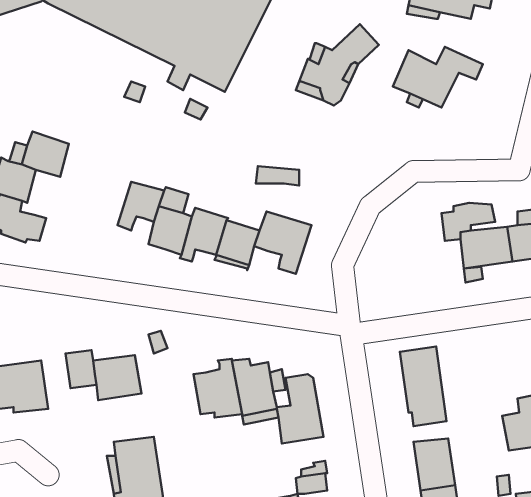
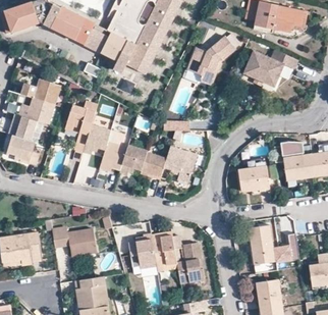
building: none -> [19,80,60,106]
building: none -> [66,104,97,154]
building: none -> [238,166,269,191]
building: none -> [273,233,299,262]

